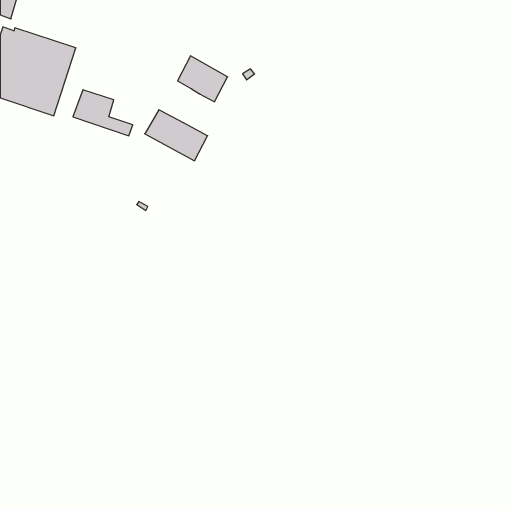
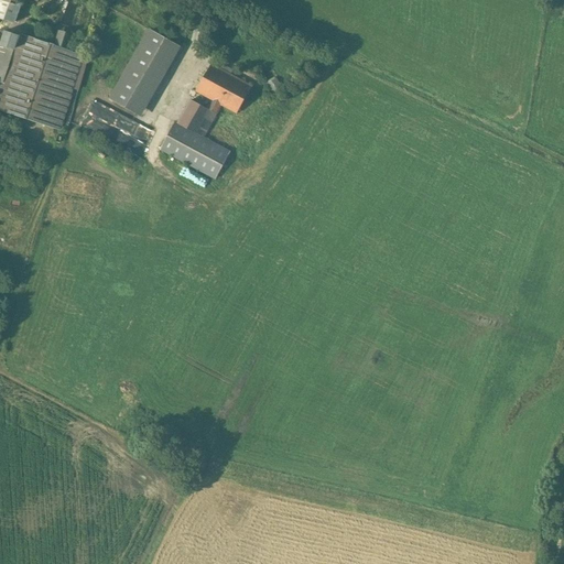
building: none -> [110,29,180,115]
building: none -> [177,98,220,135]

